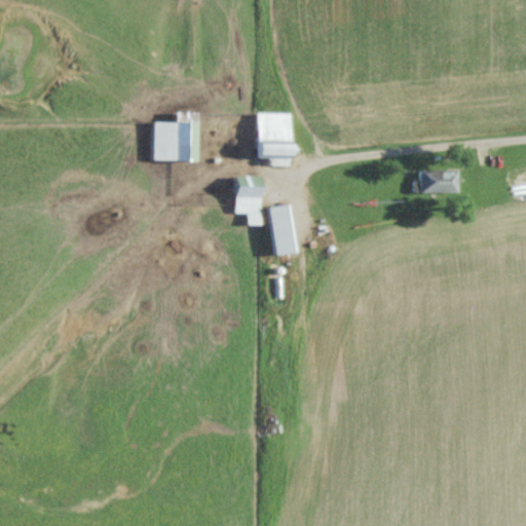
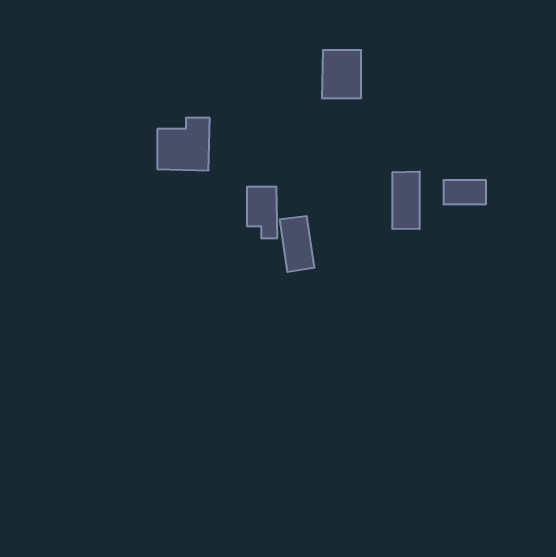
building: [257,113,294,158] -> [322,50,361,98]
building: none -> [392,171,420,229]

